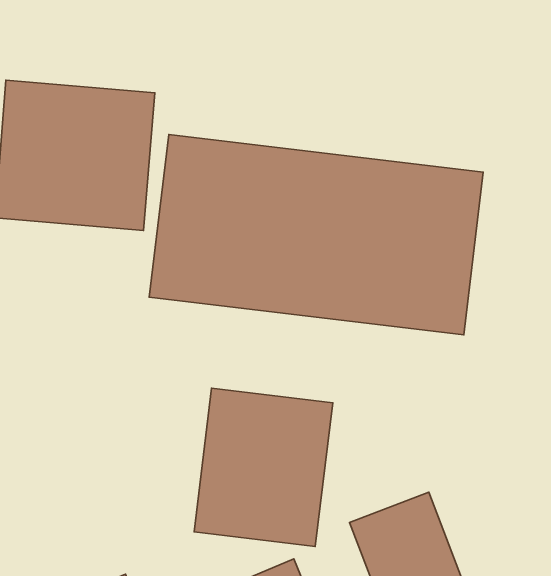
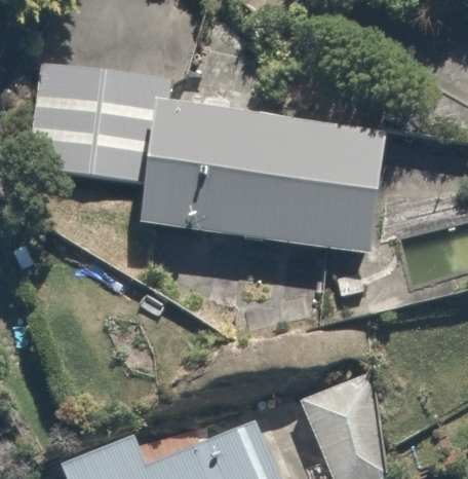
building: [194,388,333,546] -> none

